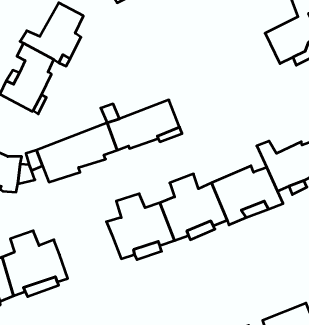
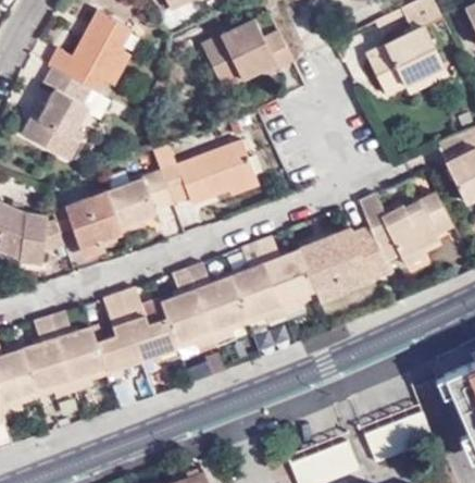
building: none -> [202,16,295,84]
building: none -> [98,288,179,376]

